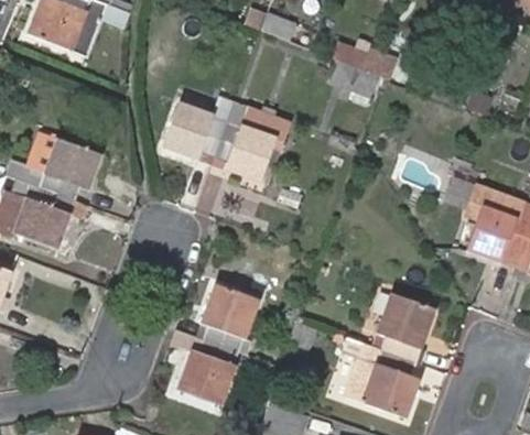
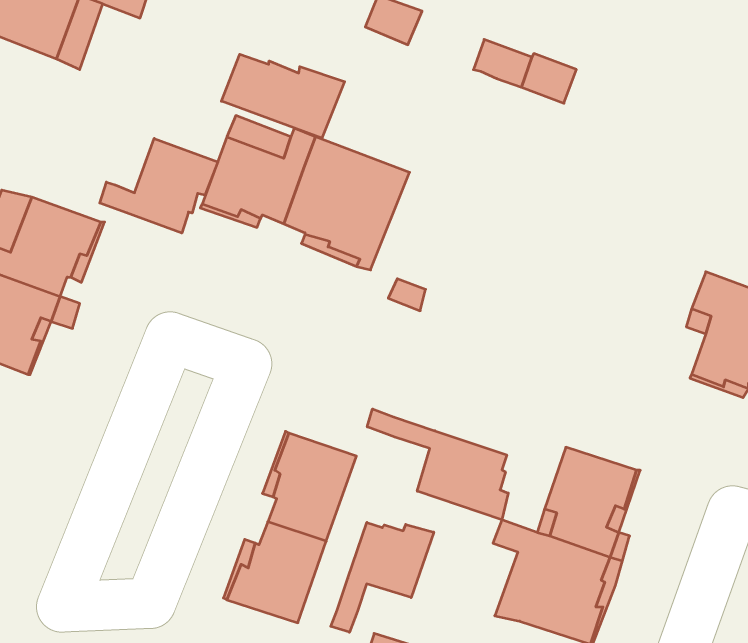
building: none -> [221,54,345,138]
building: [327,59,380,99] -> none
building: none -> [100,138,218,233]
building: none -> [367,409,508,520]
building: none -> [331,522,434,632]

